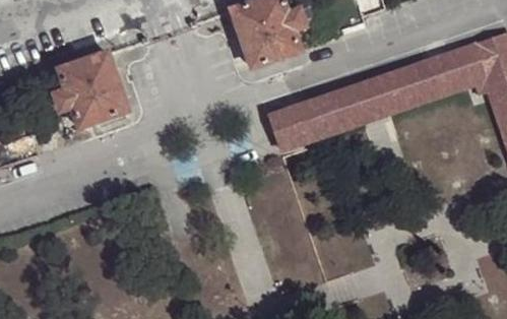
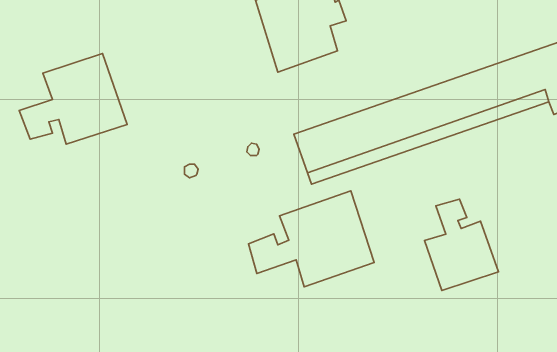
building: none -> [249,191,374,287]
building: none -> [424,199,498,291]

